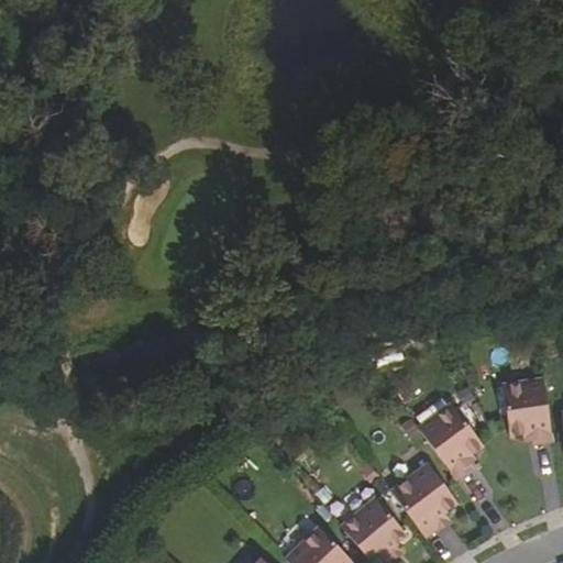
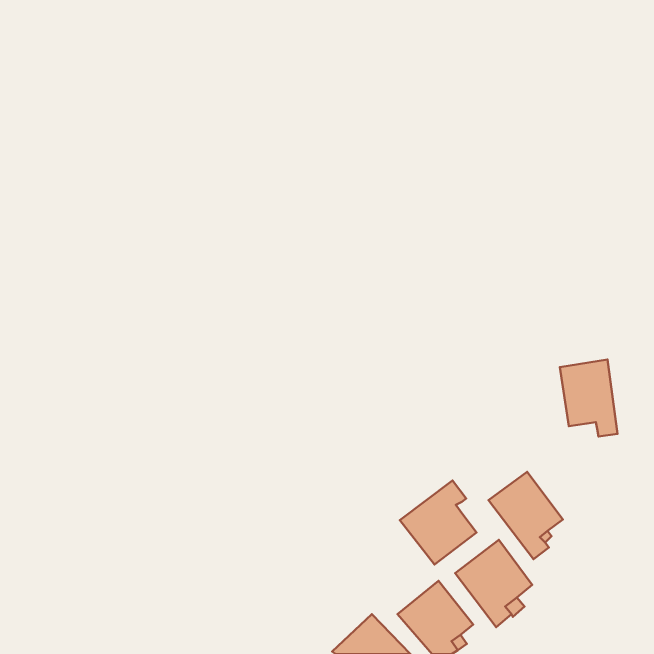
building: [503,379,552,445] -> [560,359,618,436]
building: none -> [400,480,477,565]

